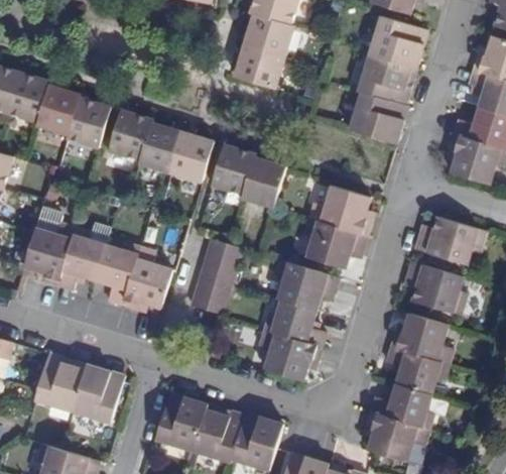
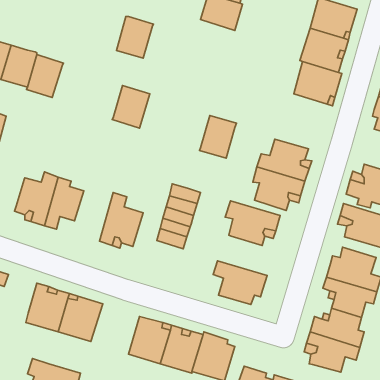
building: [233,43,283,88] -> none
building: [69,97,113,147] -> none
building: [109,110,152,159] -> [117,16,153,58]
building: [171,131,214,181] -> none
building: [212,143,255,195] -> none
building: [95,243,140,305] -> none
building: [263,299,326,345] -> none

